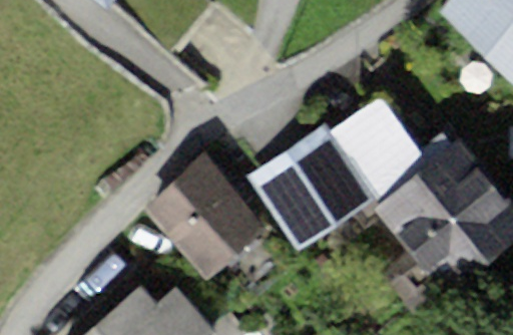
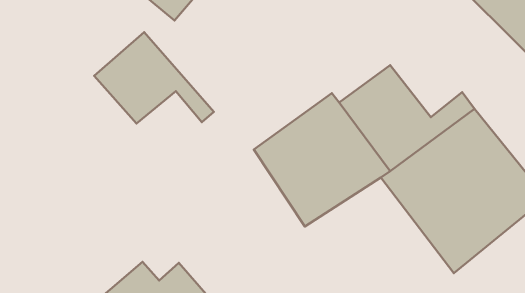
building: none -> [94,32,214,124]
building: [141,154,299,299] -> none

